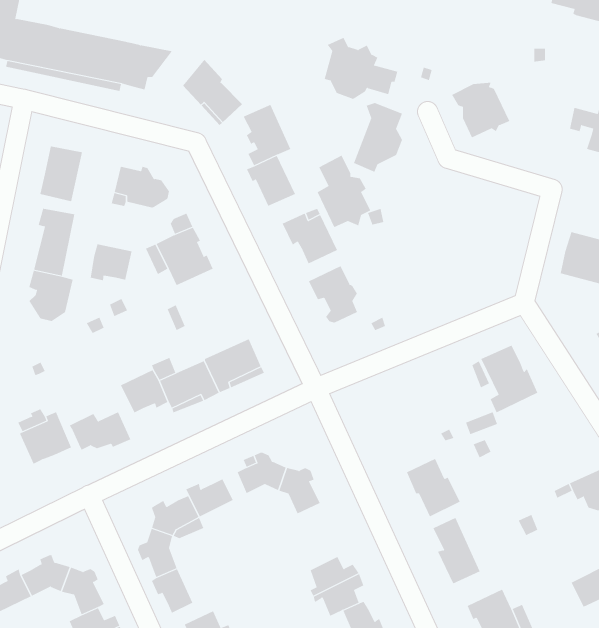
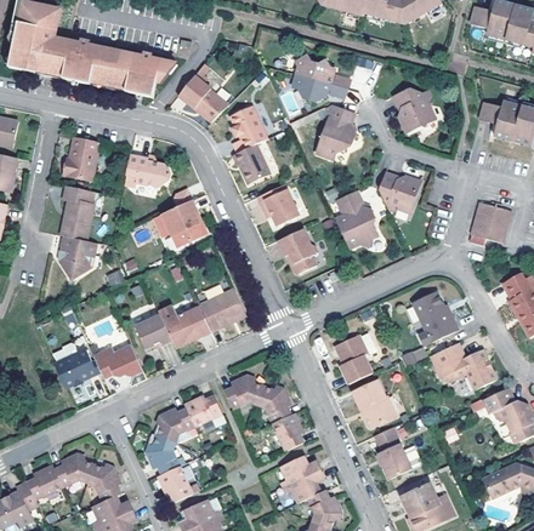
building: [317,155,371,228] -> [337,192,380,249]
building: none -> [380,172,421,213]
building: [90,244,132,281] -> none
building: none -> [336,335,377,384]
building: none -> [433,344,496,389]
building: none -> [271,413,301,451]

